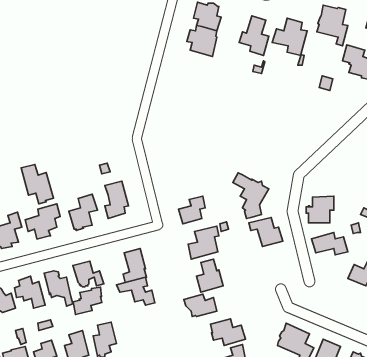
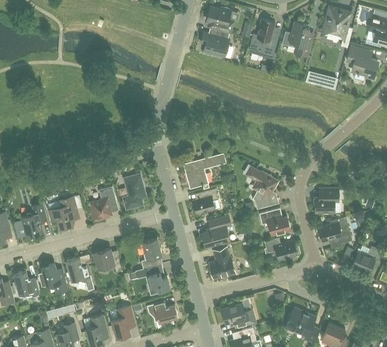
building: none -> [182,153,226,189]
building: [21,165,54,204] -> none
building: none -> [263,237,296,260]
building: [73,287,102,314] -> none
building: [184,294,217,317] -> [146,301,177,322]

